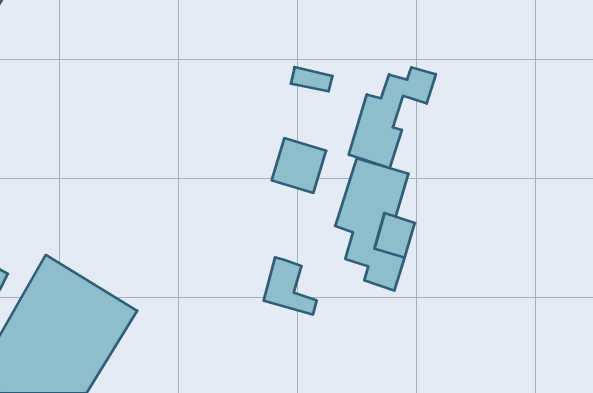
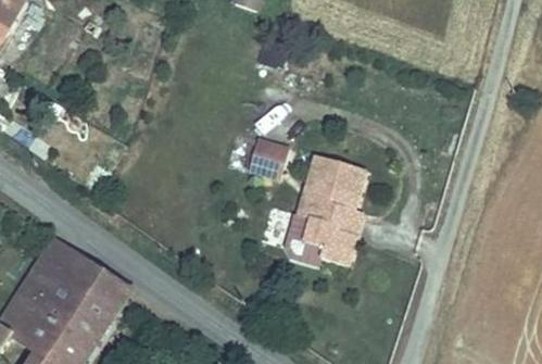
building: [349,67,436,168] -> none
building: [264,257,317,314] -> [280,212,326,261]

